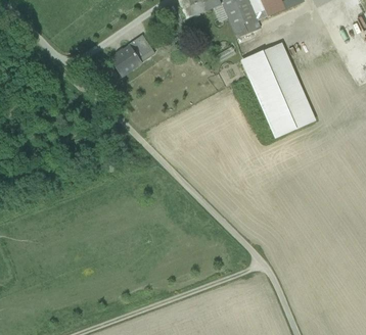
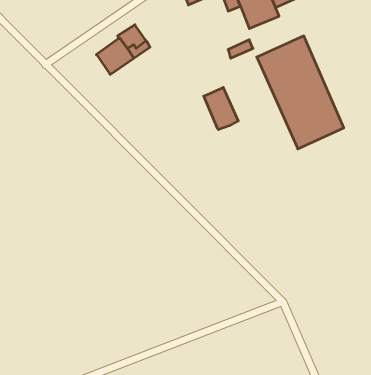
building: none -> [204,87,238,130]

